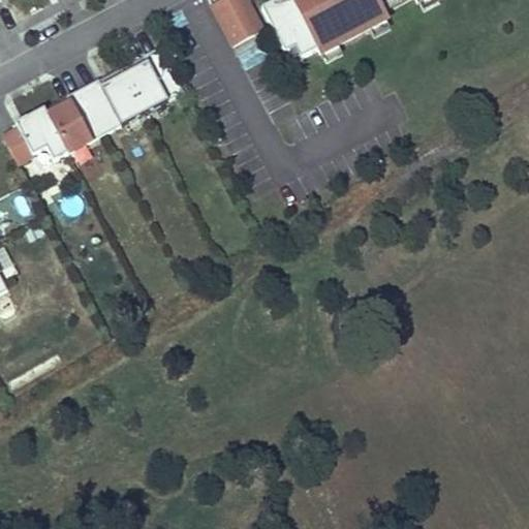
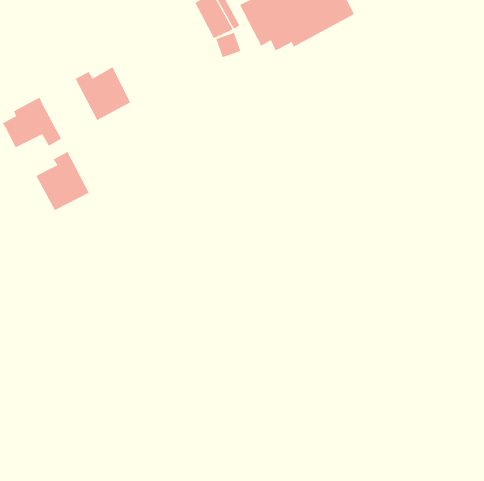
building: [123,45,182,112] -> none
building: [46,86,105,151] -> [36,151,90,211]

